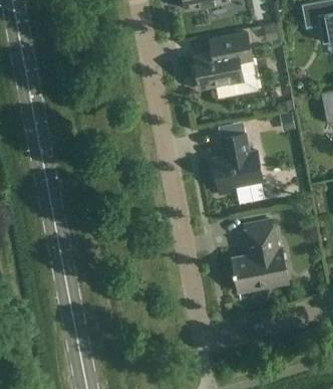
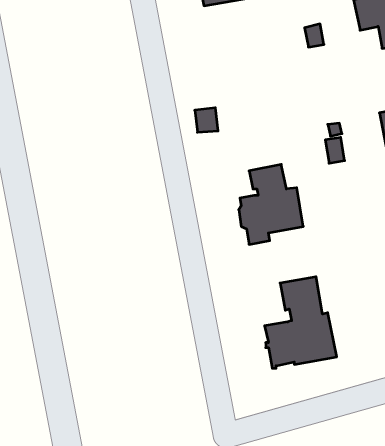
building: [193,32,252,88] -> none

